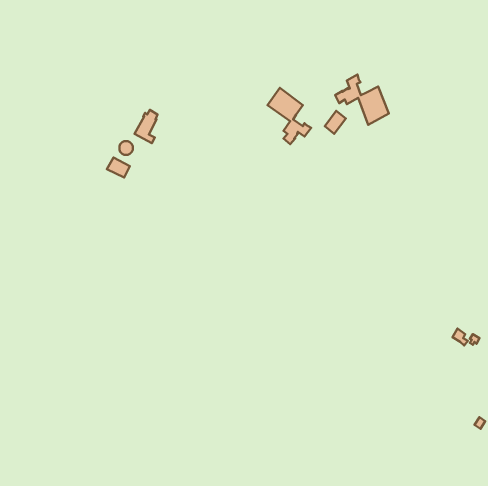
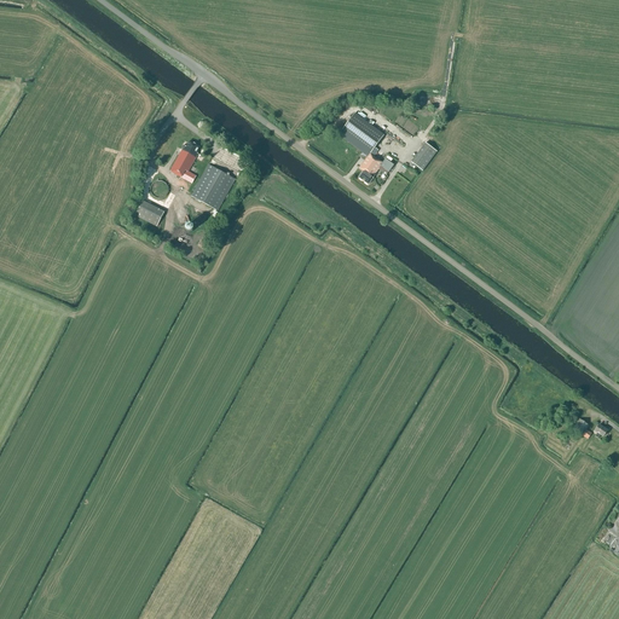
building: [335,74,389,125] -> none
building: none -> [191,163,235,209]

